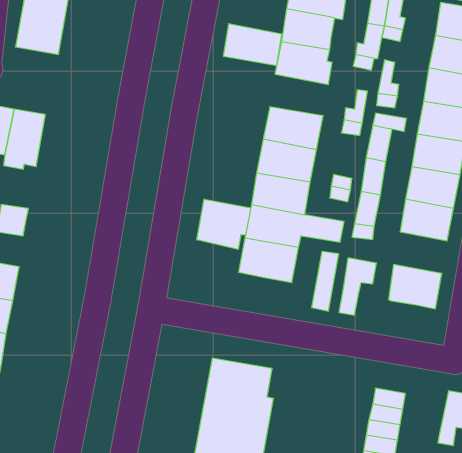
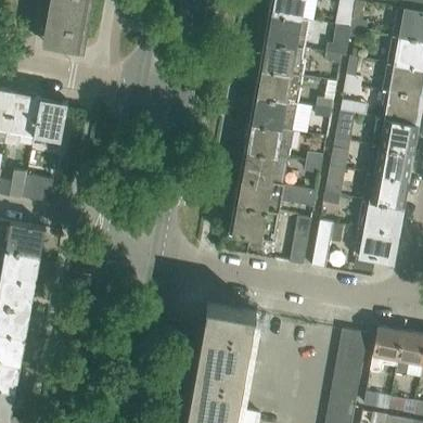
building: [223,24,282,65] -> [255,67,304,102]
building: [197,199,251,249] -> none
building: none -> [358,198,402,233]
building: none -> [370,325,403,372]

